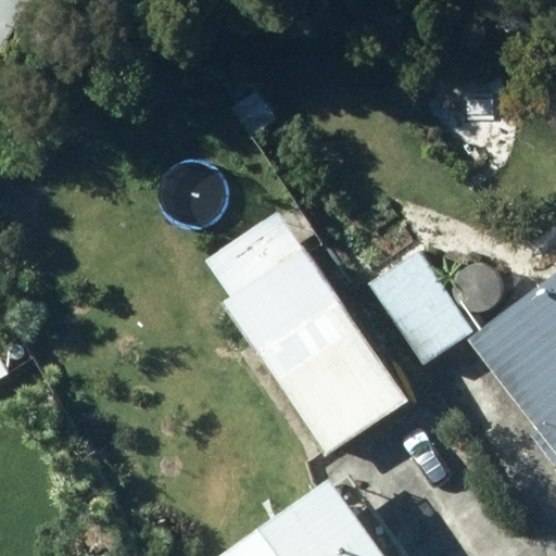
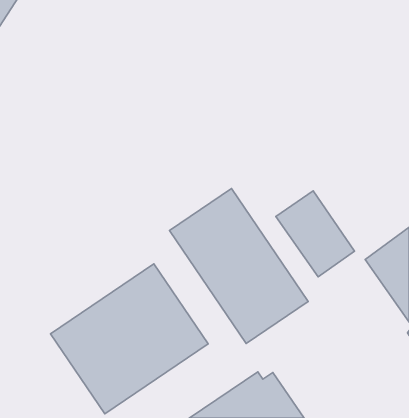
building: none -> [51,264,208,414]

